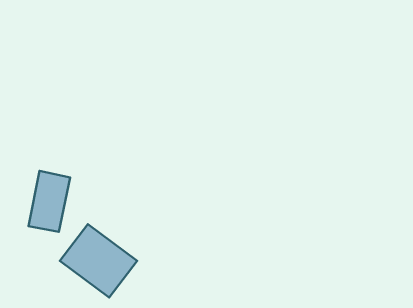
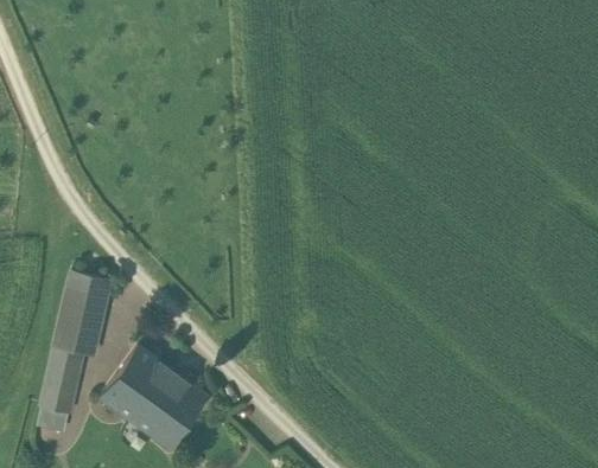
building: none -> [39,347,85,418]

